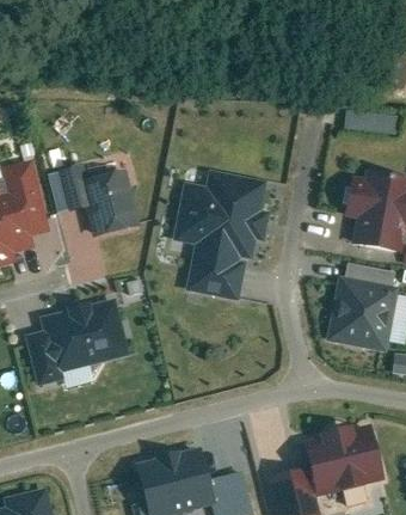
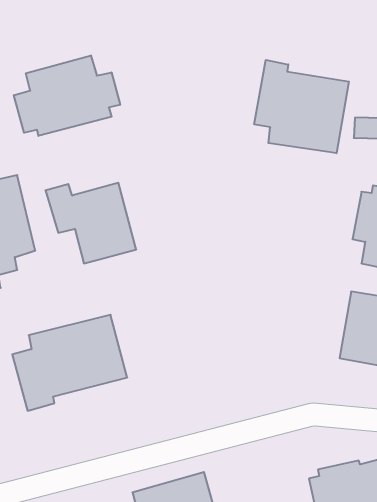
building: none -> [14,55,120,136]
building: none -> [254,60,349,153]
building: [174,167,271,300] -> none

